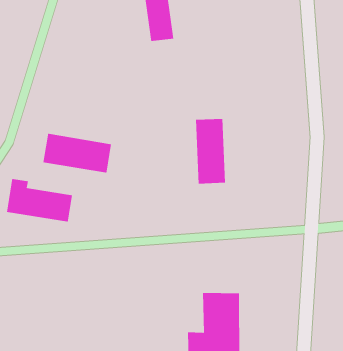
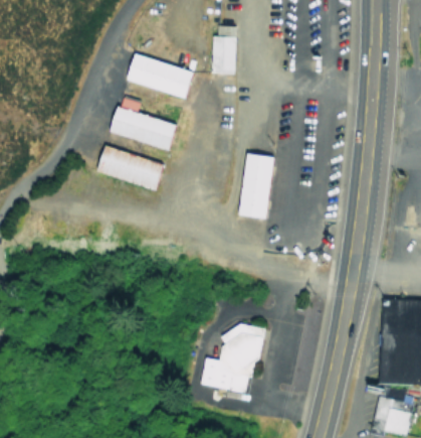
building: none -> [123,52,191,98]
building: [6,179,73,222] -> [108,101,174,151]

